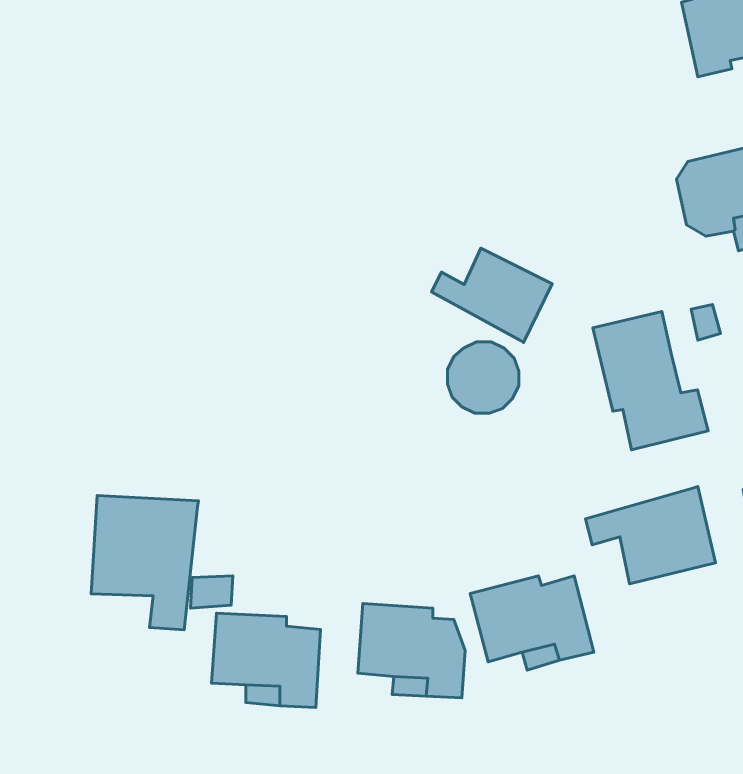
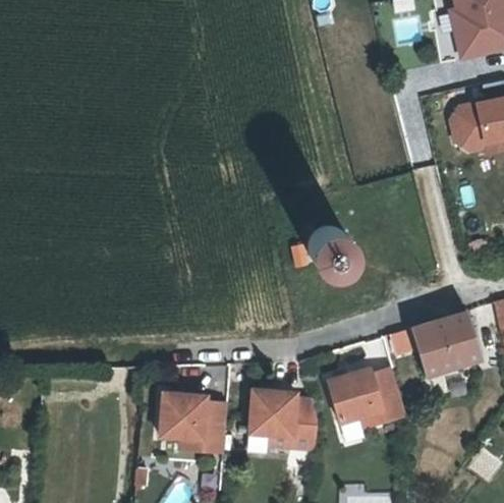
building: [431,248,552,343] -> none
building: [593,311,708,450] -> none
building: [91,495,198,630] -> none

